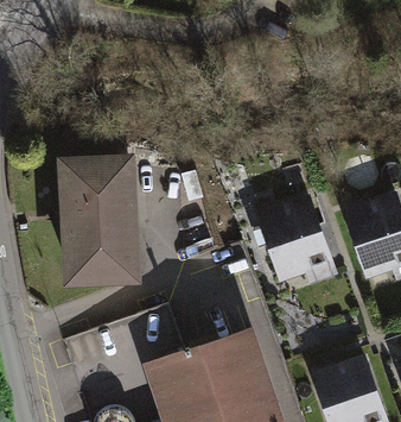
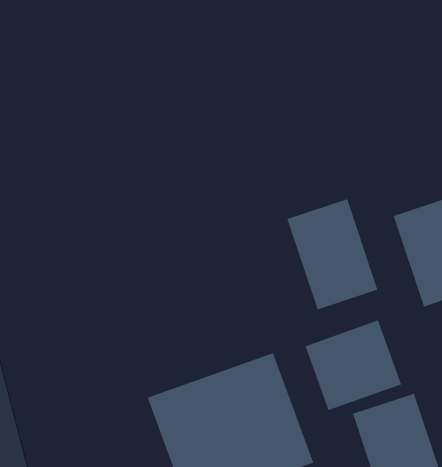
building: [58,151,140,282] -> none
building: none -> [305,320,402,411]

